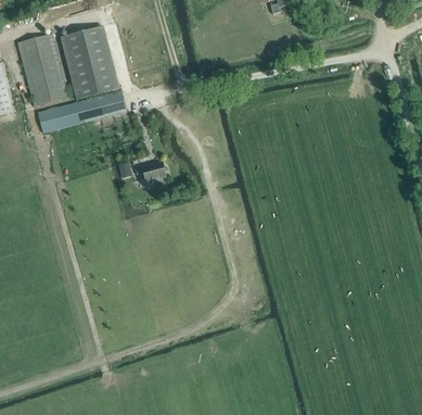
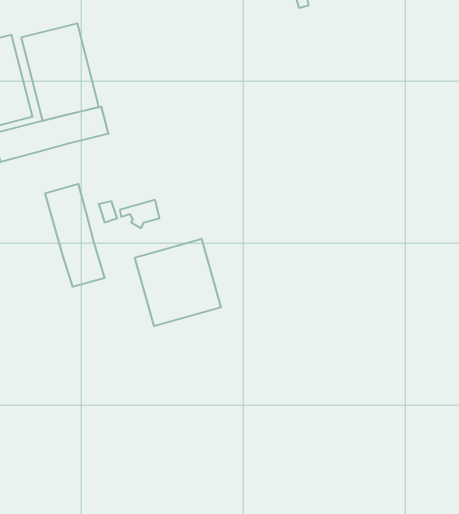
building: none -> [45,184,105,287]
building: none -> [135,239,221,326]

